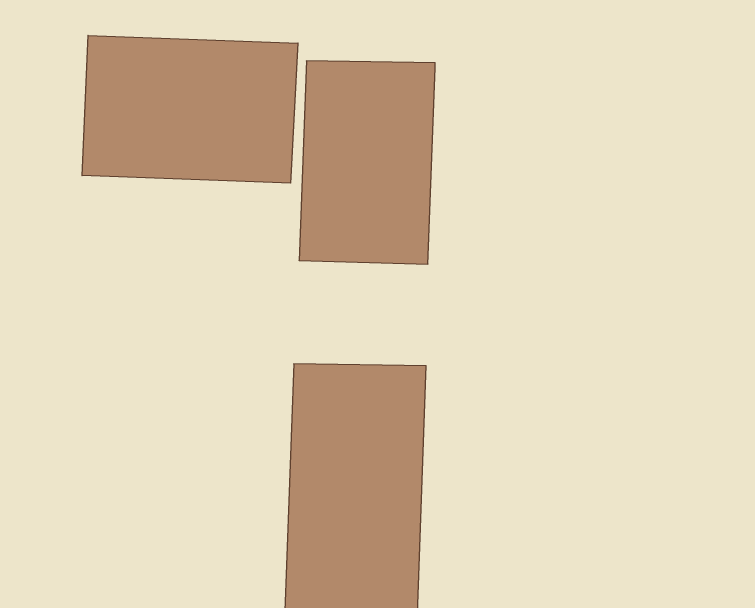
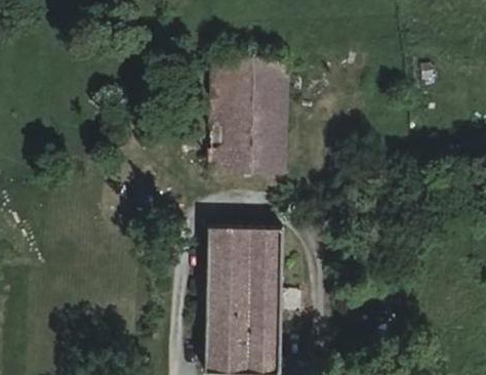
building: [82,35,298,183] -> none

